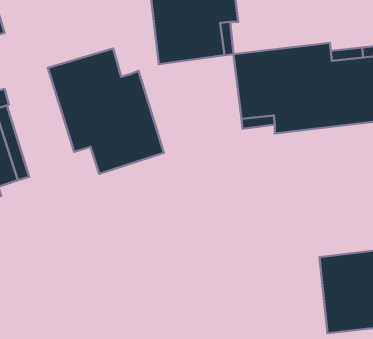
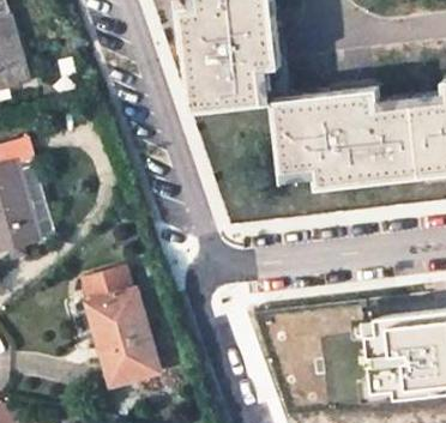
building: [48,49,164,174] -> none
building: none -> [79,264,157,382]

